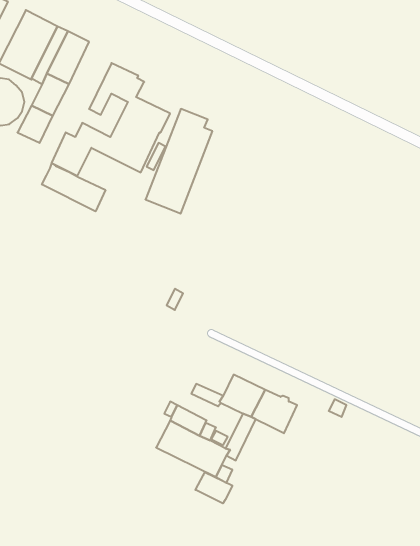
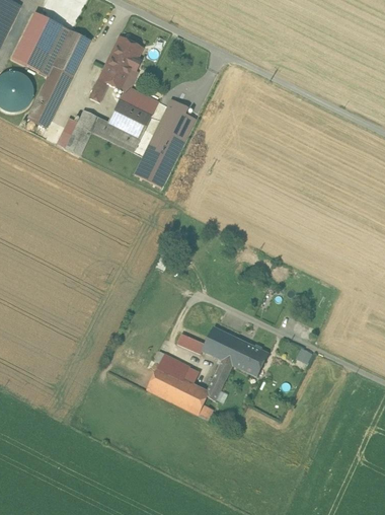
building: none -> [108,36,142,69]
building: [42,163,105,211] -> none
building: [195,472,232,503] -> none

